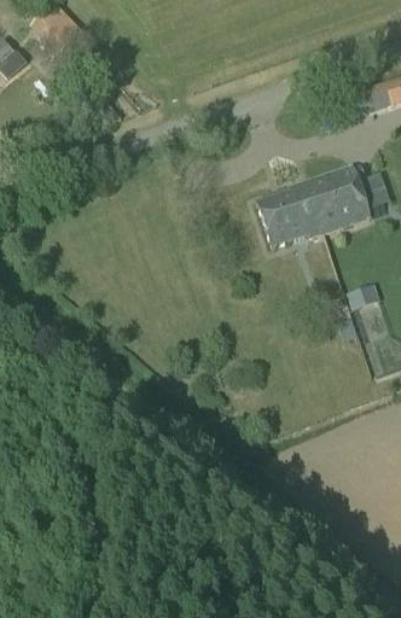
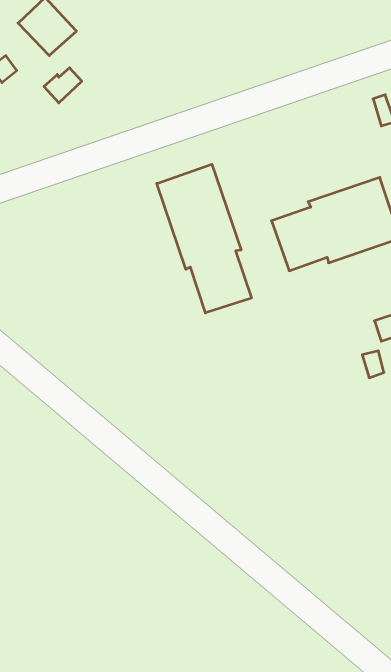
building: none -> [157,164,251,313]

